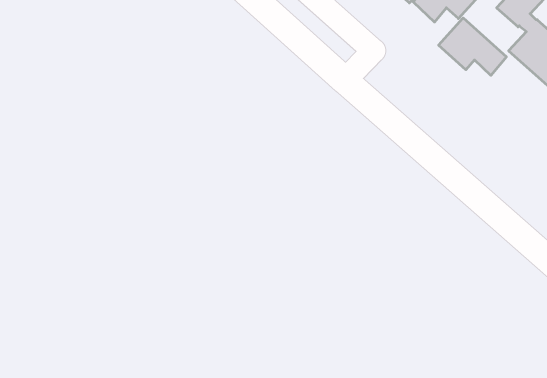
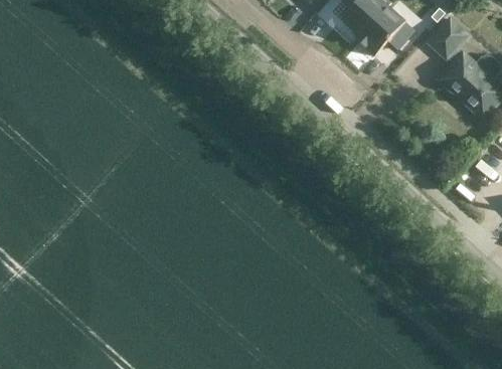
building: [439,18,506,75] -> none

